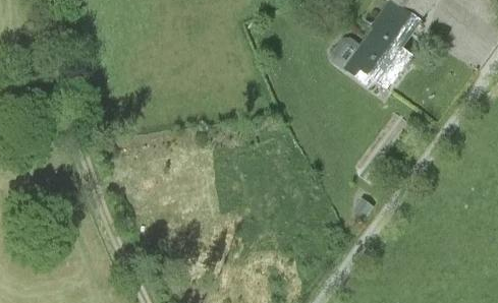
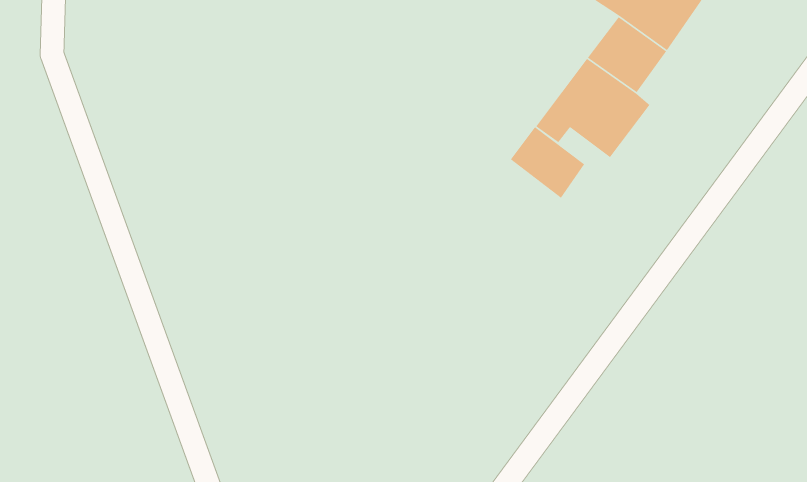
building: none -> [510,126,585,199]

